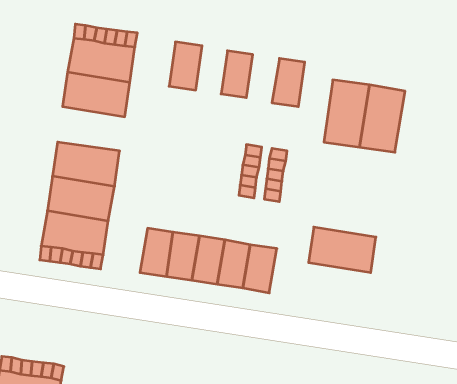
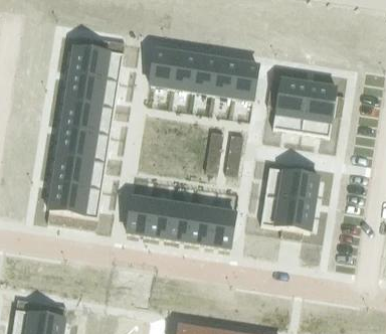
building: none -> [172,51,197,90]
building: none -> [212,58,238,97]
building: none -> [62,100,116,135]
building: none -> [265,167,320,203]

